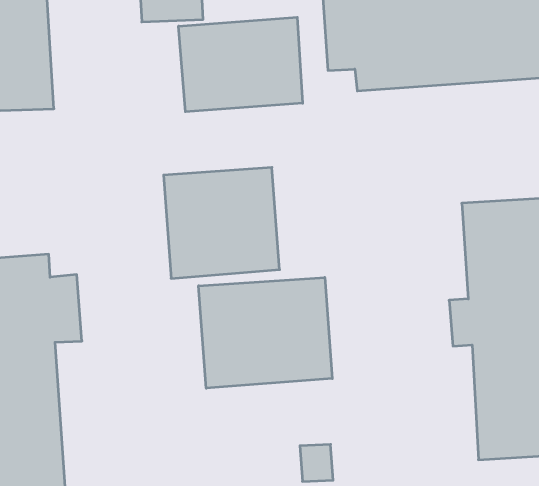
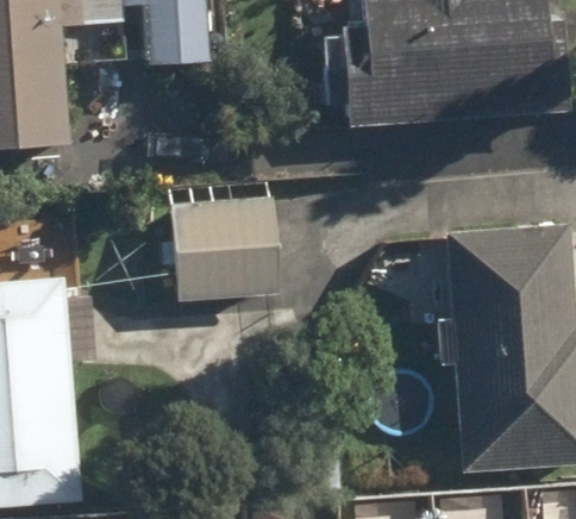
building: [179,17,303,112] -> none
building: [199,277,332,388] -> none

